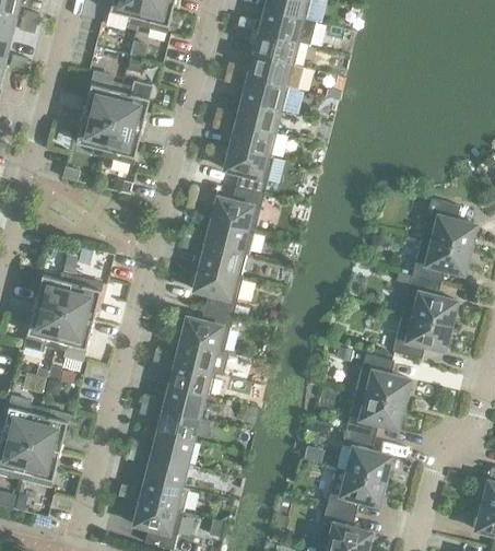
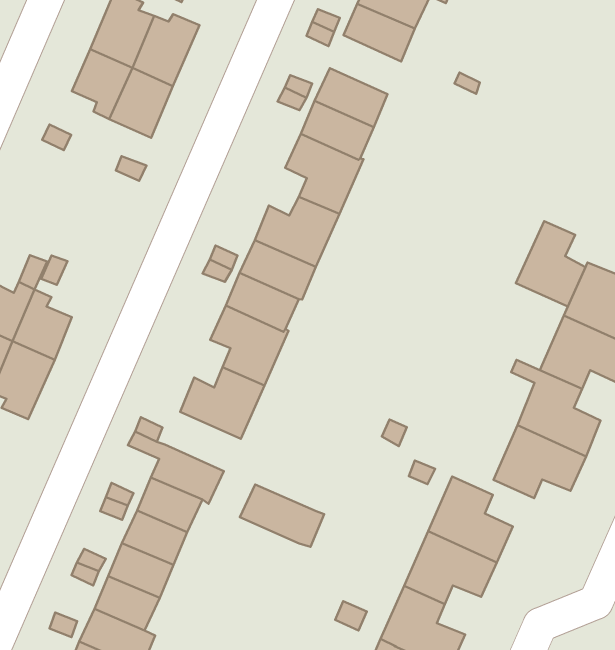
building: [243,77,288,110] -> none
building: none -> [516,221,586,306]
building: [175,340,229,375] -> [240,484,324,547]

